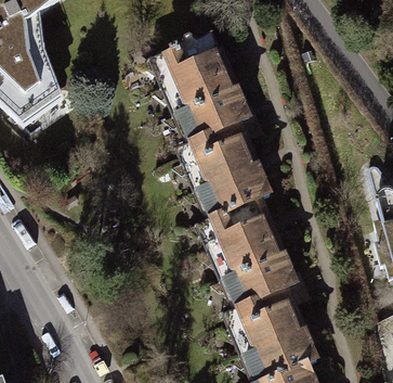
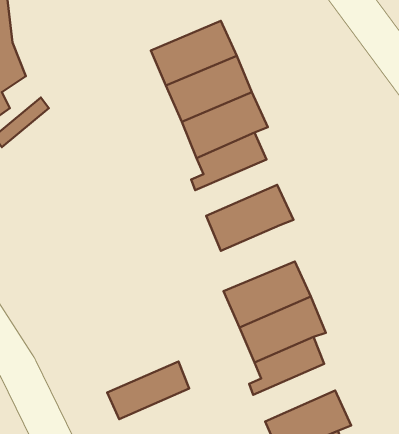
building: [192,142,258,188] -> none
building: [202,195,272,248] -> none
building: [238,307,304,354] -> [107,361,189,419]

